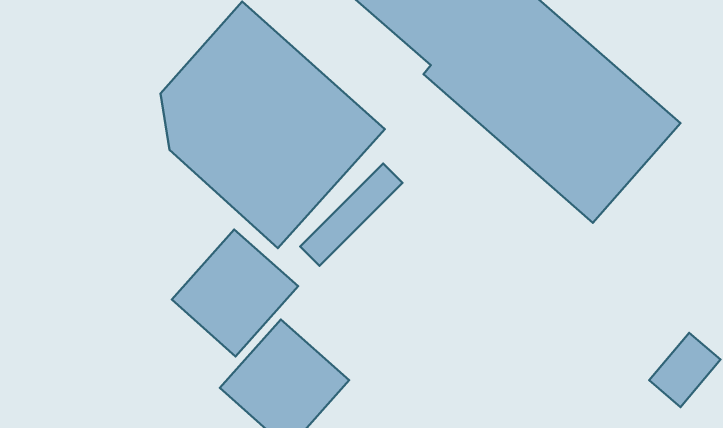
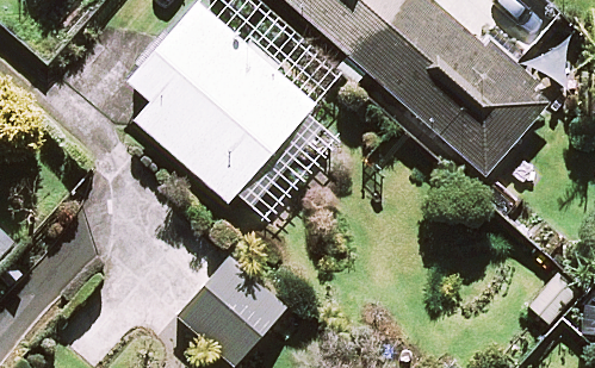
building: [172,229,298,356] -> none

